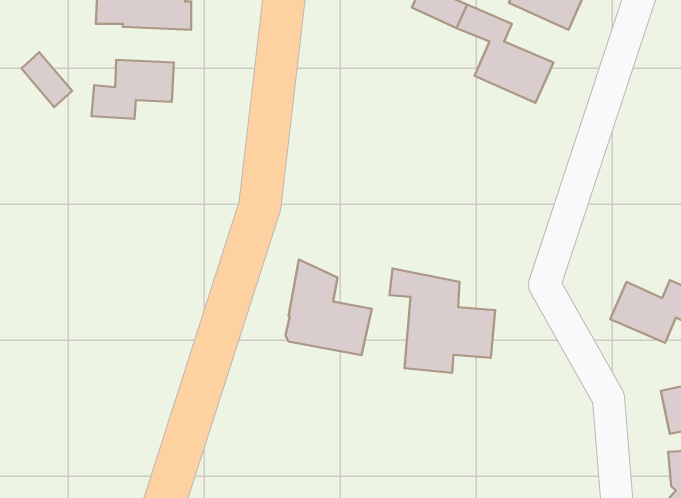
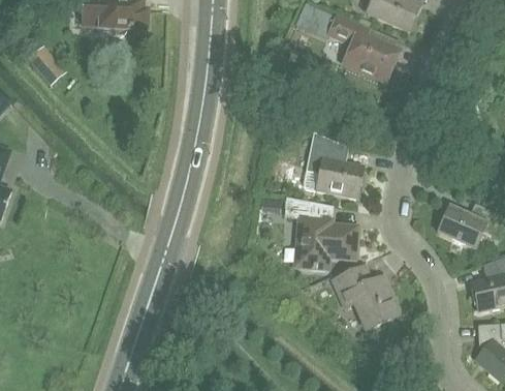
building: [91,60,174,119] -> none
building: [285,260,372,355] -> [305,131,365,198]
building: none -> [335,267,401,329]

